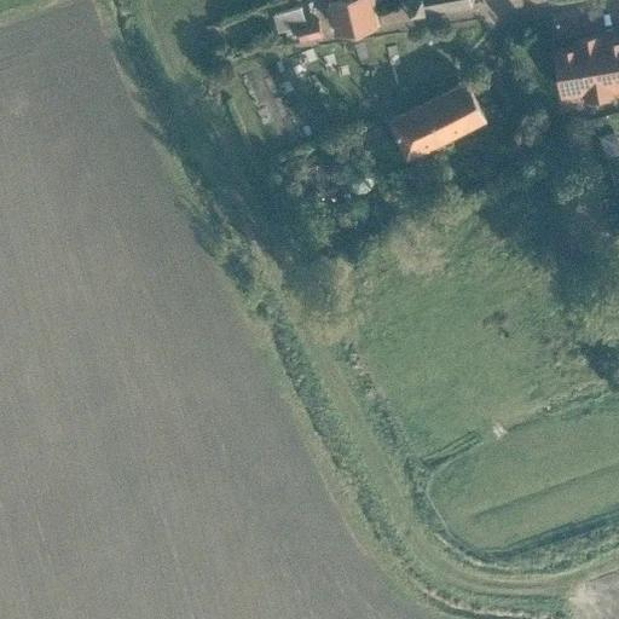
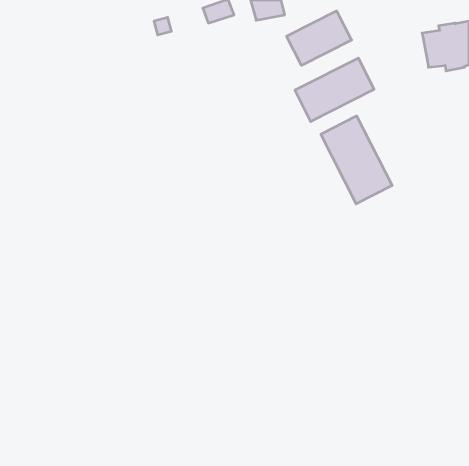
building: none -> [287,11,352,65]
building: none -> [321,116,392,204]

